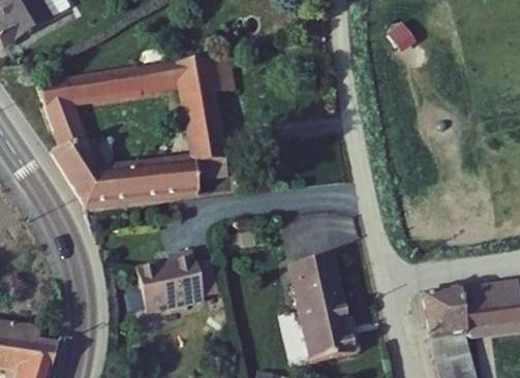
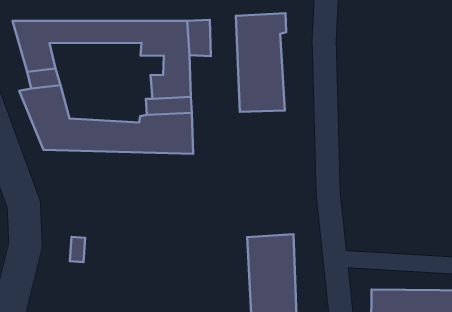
building: none -> [236,13,286,112]
building: [139,252,206,312] -> none

